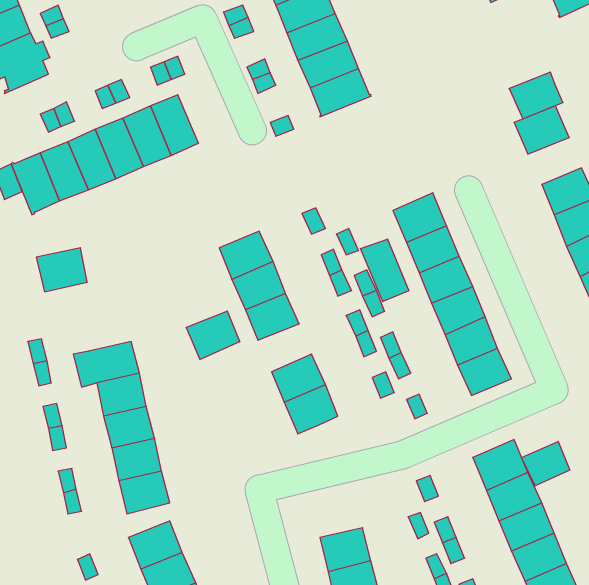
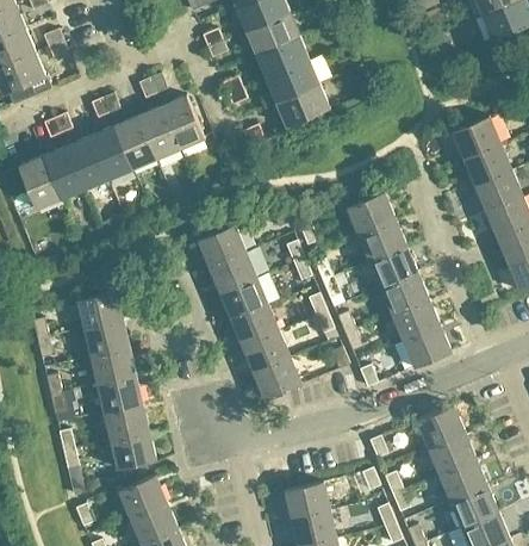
building: [509,72,563,119] -> [465,144,511,185]
building: none -> [162,97,205,149]
building: [360,239,409,302] -> none
building: [36,248,87,292] -> [77,291,122,329]
building: [186,311,240,359] -> [231,305,278,347]
building: [522,441,570,486] -> none

